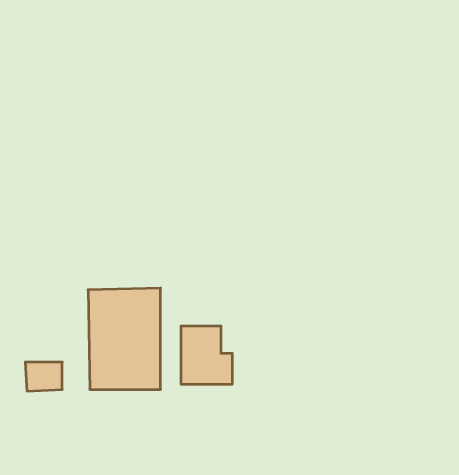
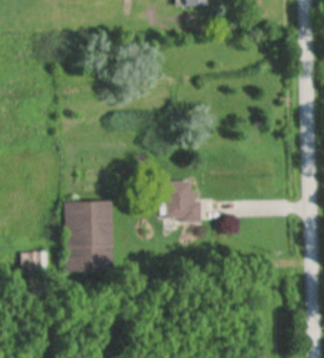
building: [181,326,232,384] -> [166,181,202,221]

